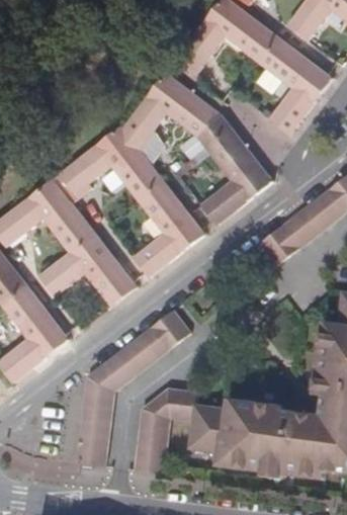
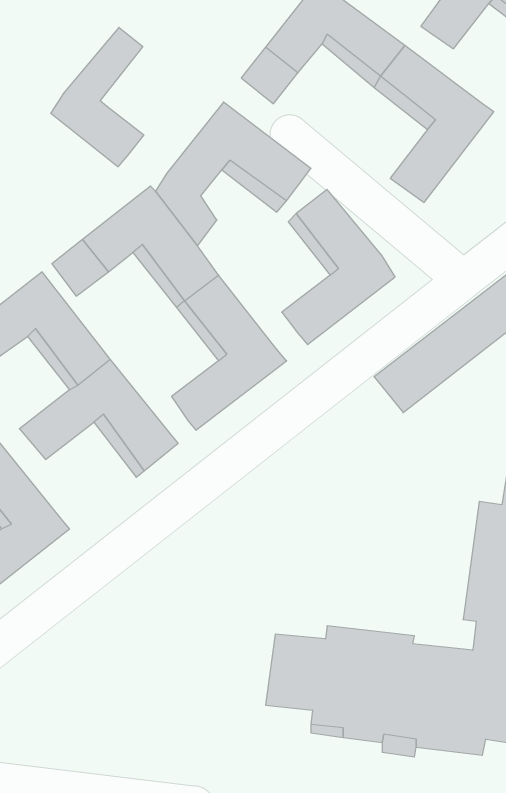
building: none -> [51,27,144,167]
building: [74,310,191,466] -> none
building: [136,388,196,473] -> none

